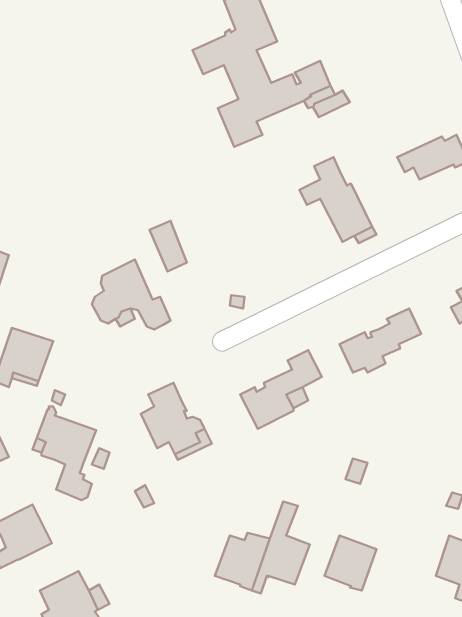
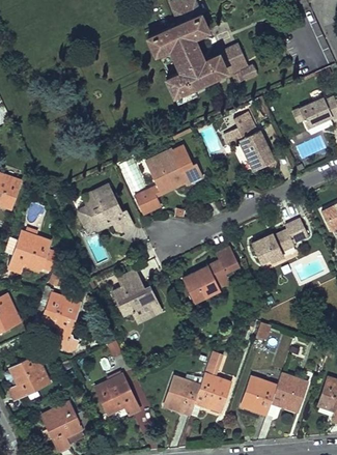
building: none -> [135,148,202,215]
building: none -> [95,372,139,415]
building: none -> [266,373,307,417]

